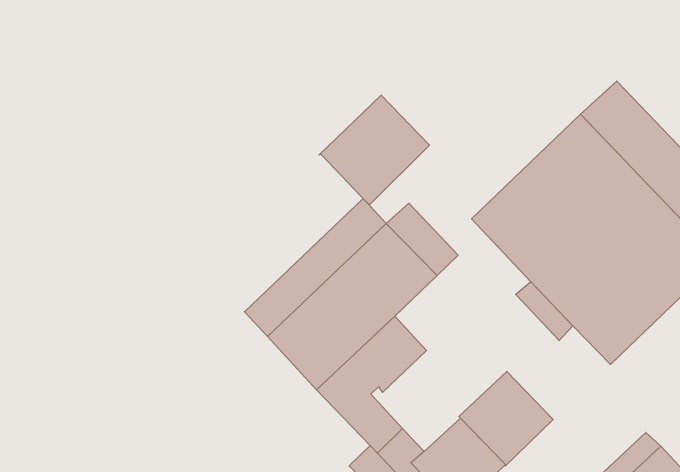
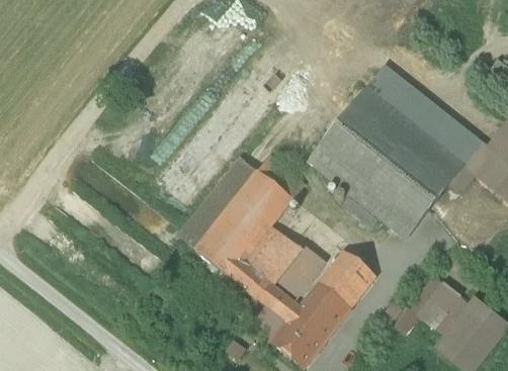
building: [319,95,429,205] -> none
building: none -> [262,239,326,301]

